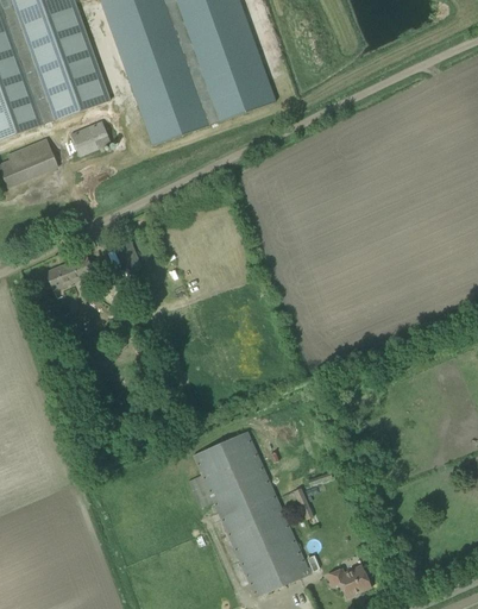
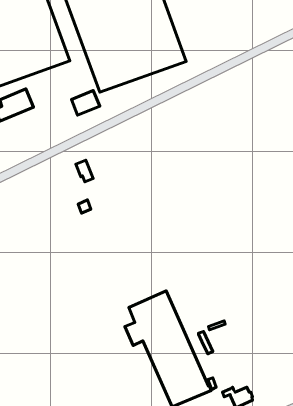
building: [71,120,112,156] -> [72,90,100,115]
building: [46,255,94,289] -> none

